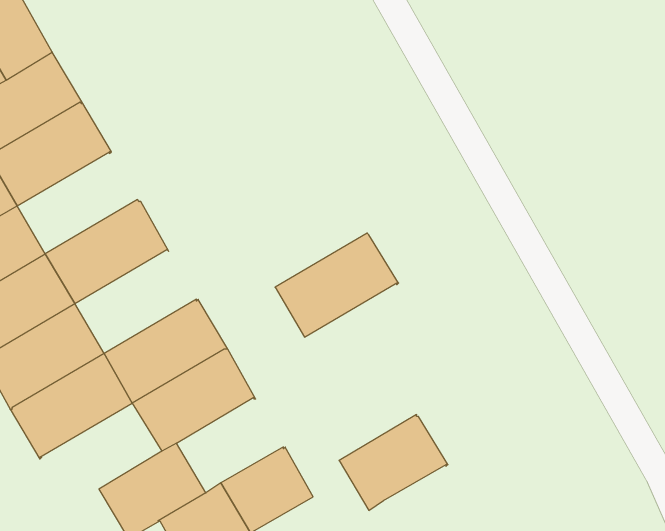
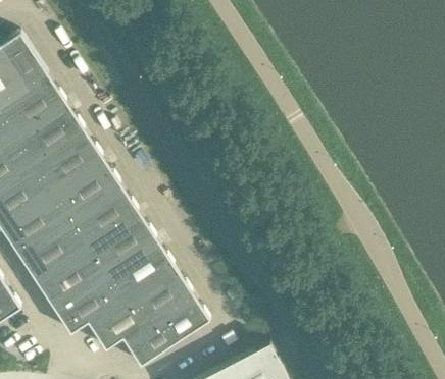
building: none -> [32,130,102,191]
building: [275,233,399,337] -> [67,184,138,246]
building: none -> [52,273,121,334]
building: [339,415,448,510] -> [130,266,192,322]

